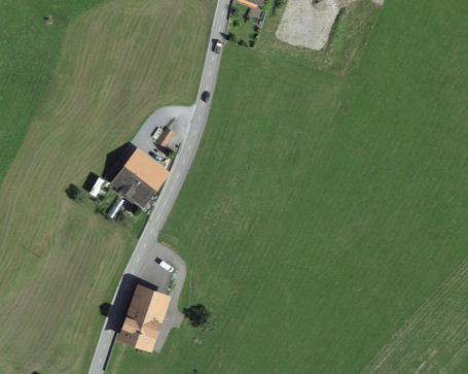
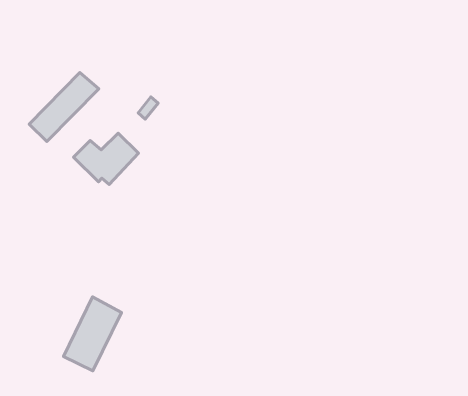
building: none -> [29,72,99,141]

